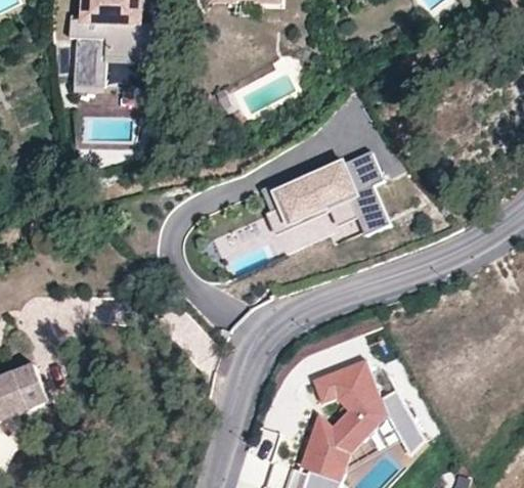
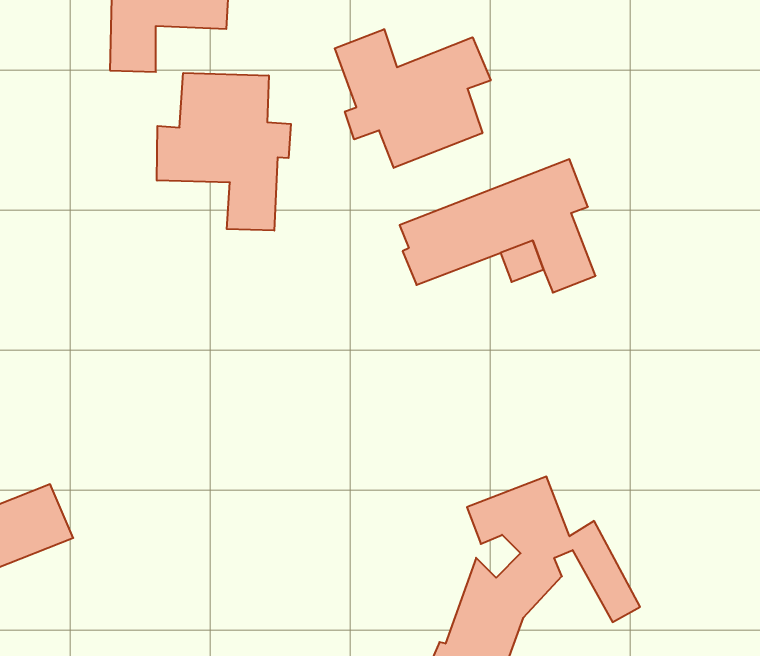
building: none -> [335,29,491,168]
building: none -> [157,73,291,231]

